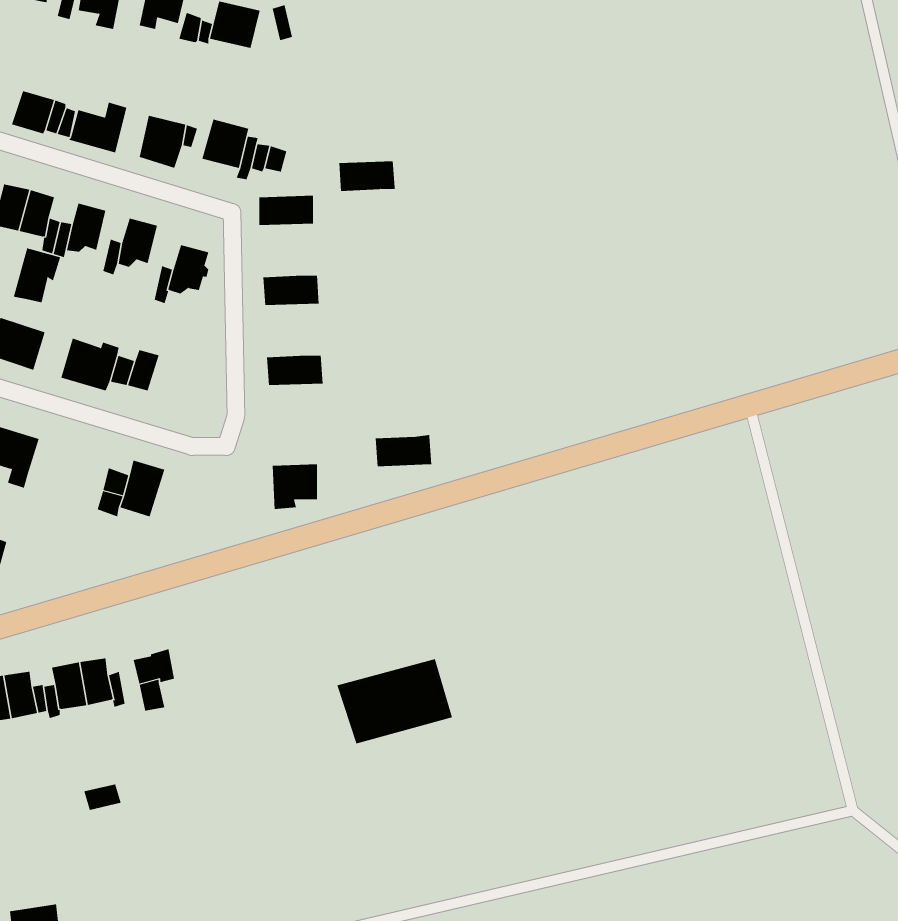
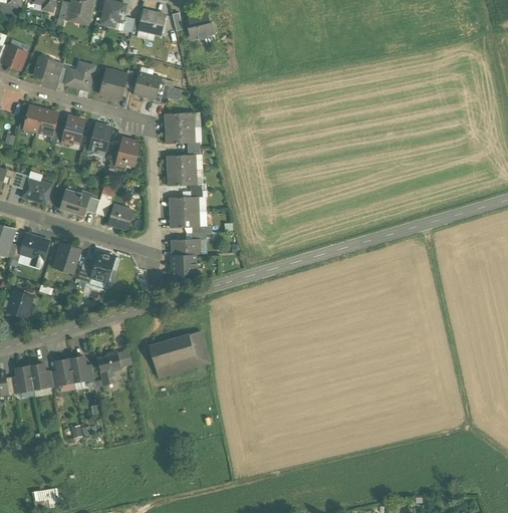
building: none -> [189,15,214,39]
building: [338,161,395,191] -> [165,127,195,144]
building: [13,247,61,303] -> none
building: none -> [168,170,197,186]
building: none -> [108,205,134,230]
building: none -> [170,212,200,228]
building: [375,435,432,467] -> [171,238,201,255]
building: none -> [53,242,81,273]
building: [337,659,453,744] -> [149,331,210,376]

